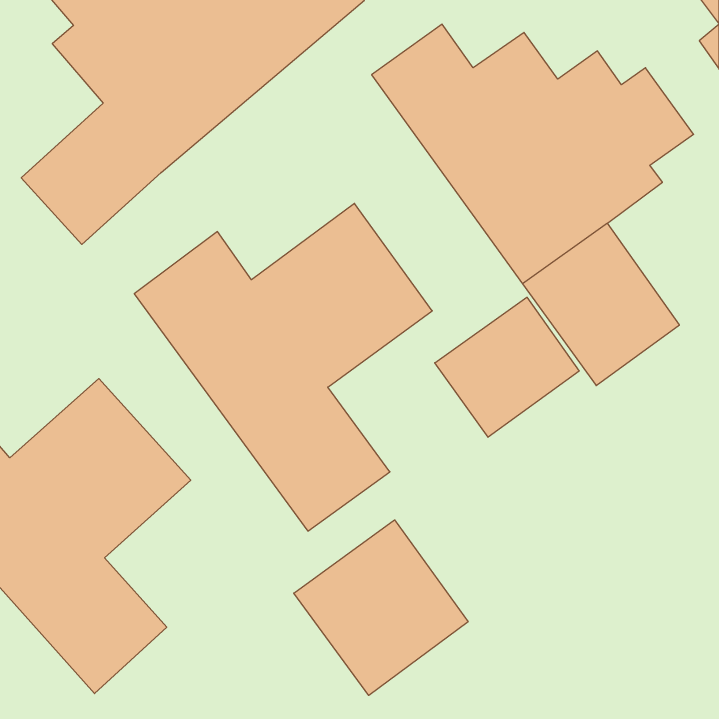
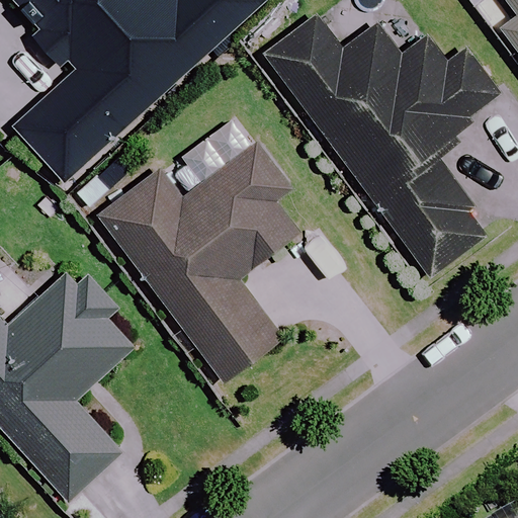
building: [435,297,579,437] -> none
building: [294,520,468,695] -> none

